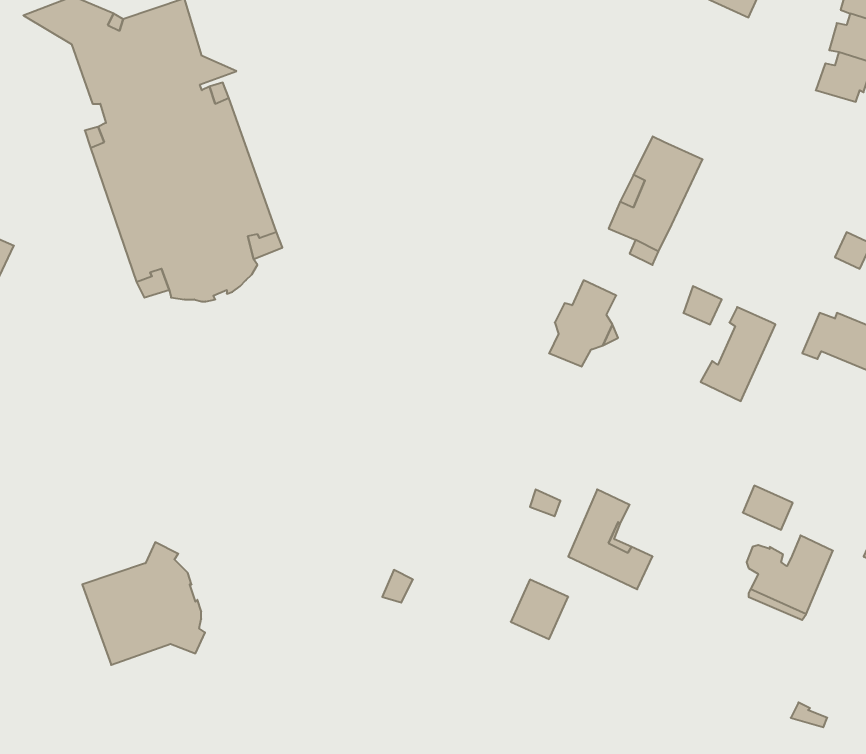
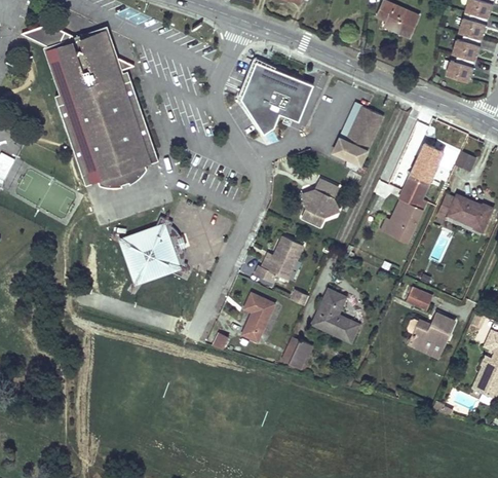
building: none -> [241,59,313,132]
building: none -> [403,144,444,200]
building: none -> [254,234,302,281]
building: none -> [241,293,274,341]
building: [82,542,205,665] -> [120,218,186,284]

